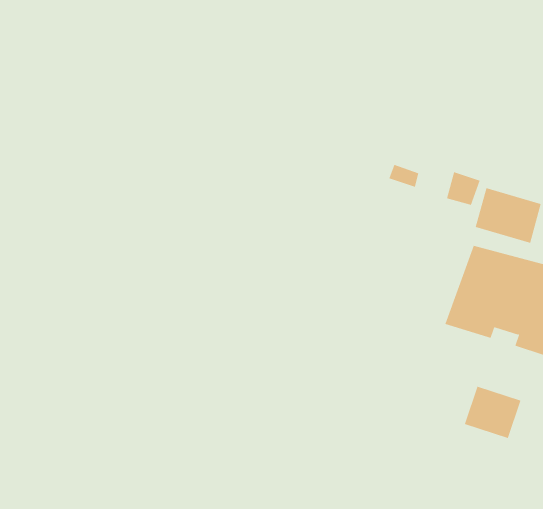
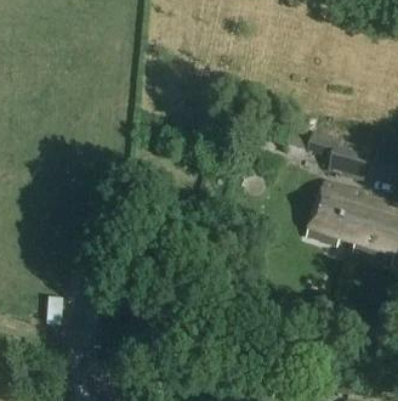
building: [464,386,521,439] -> none

